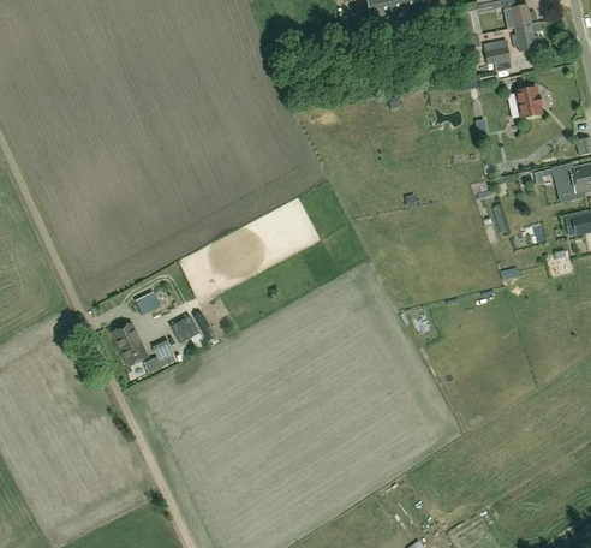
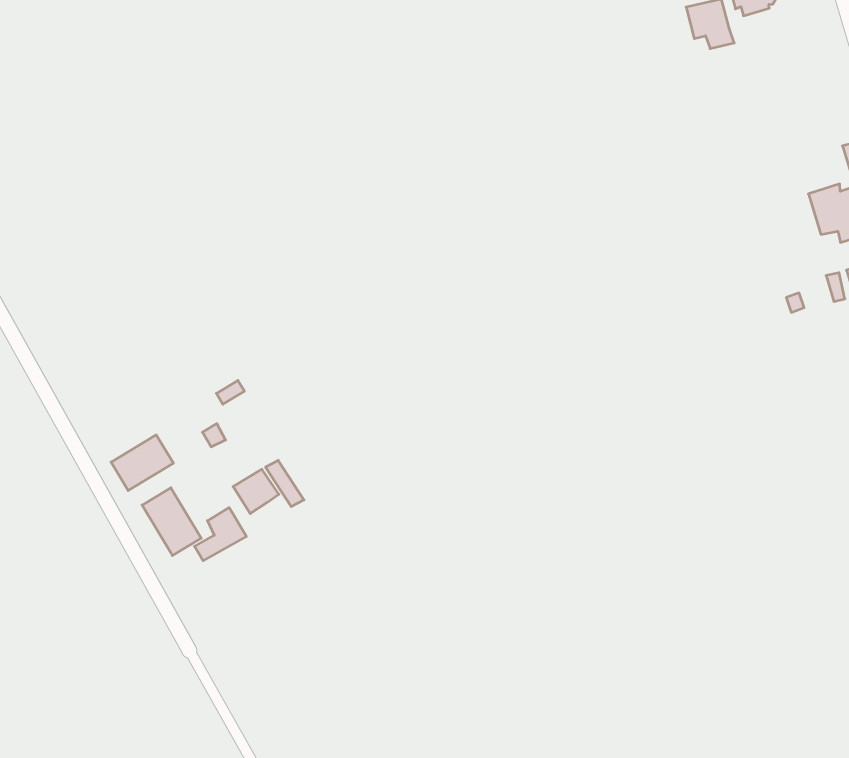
building: [517,87,541,117] -> none
building: none -> [111,435,173,491]

